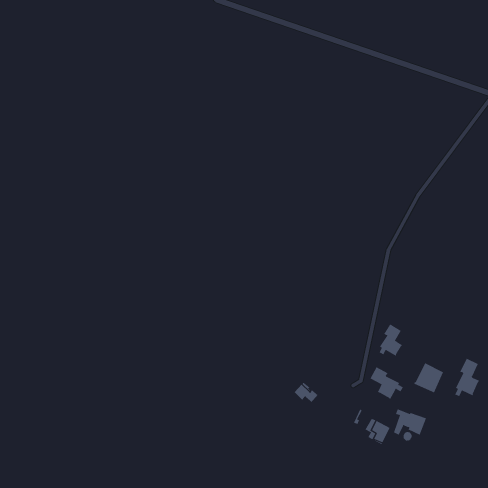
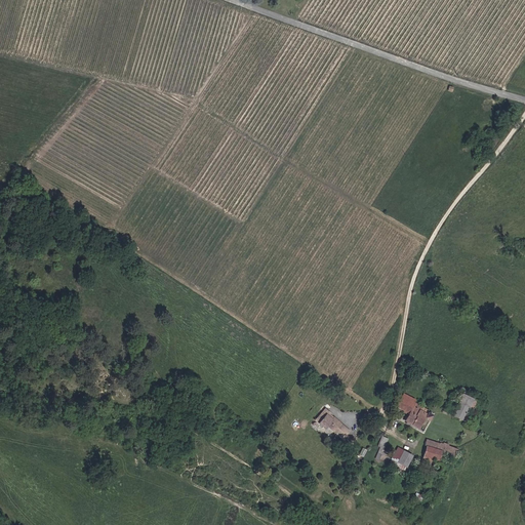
building: [379,324,403,357] -> none
building: [455,358,480,397] -> none

